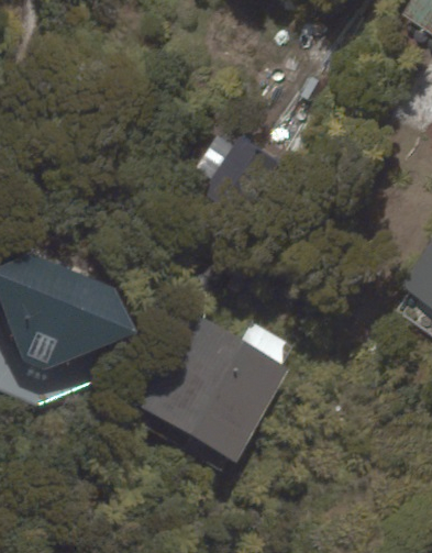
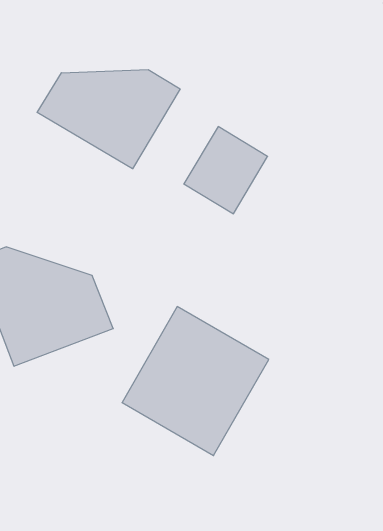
building: none -> [37,70,180,169]

